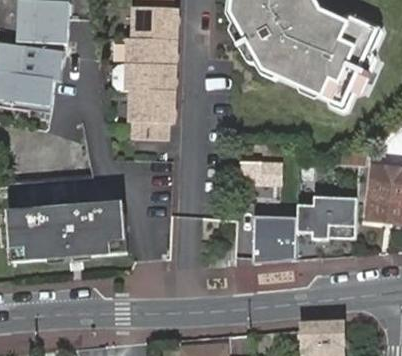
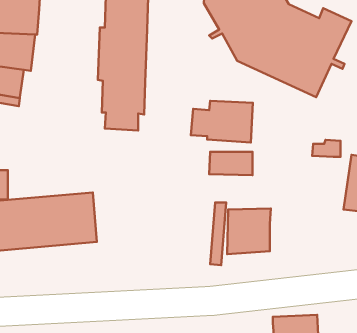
building: [295,198,356,239] -> [191,101,253,142]

